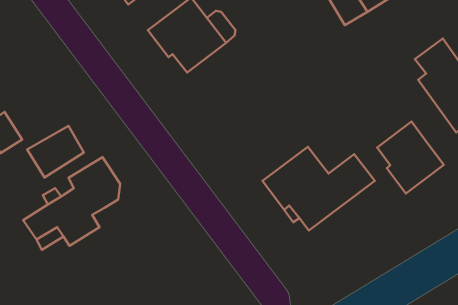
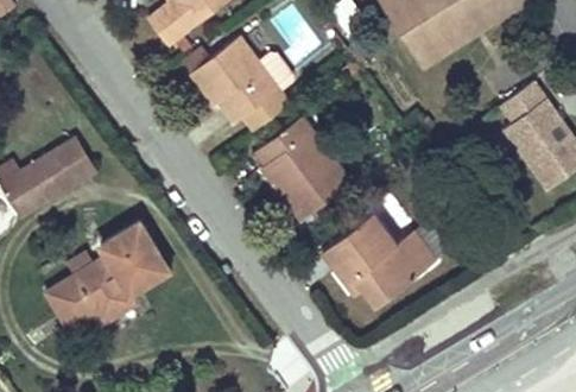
building: none -> [258,115,353,219]
building: [377,121,444,194] -> none
building: [27,126,84,177] -> [26,140,91,200]

